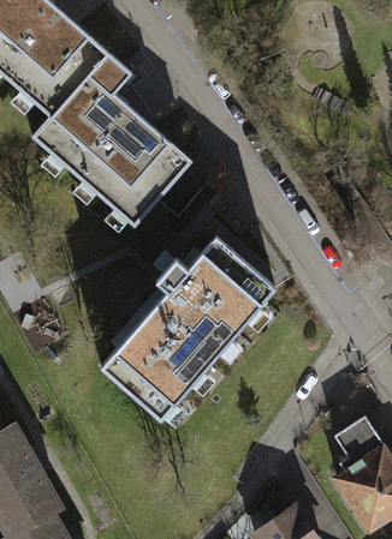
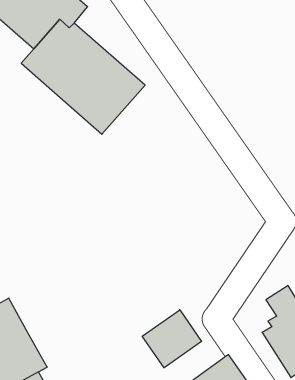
building: [109,233,277,415] -> none
building: none -> [142,310,202,368]

